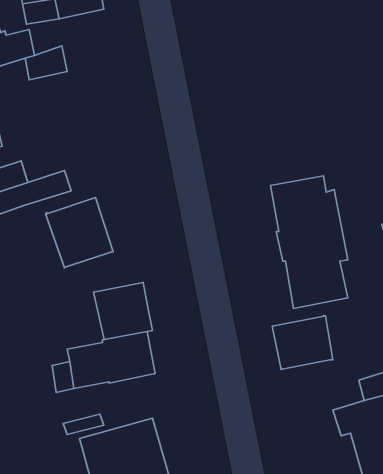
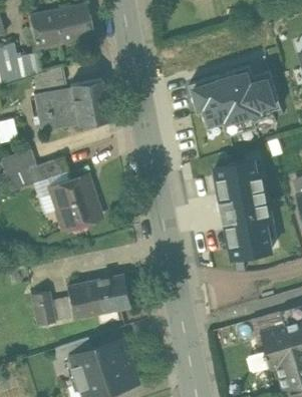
building: none -> [189,65,281,136]
building: none -> [32,79,107,131]
building: [93,282,152,339] -> none
building: [272,315,333,370] -> none
building: none -> [29,292,52,326]

